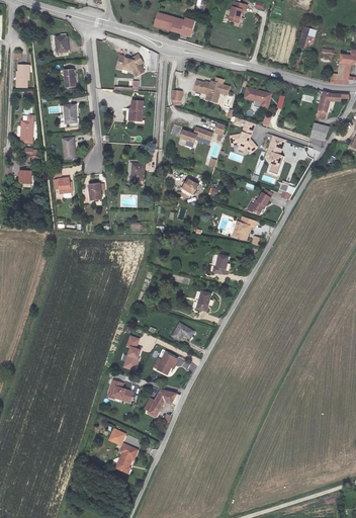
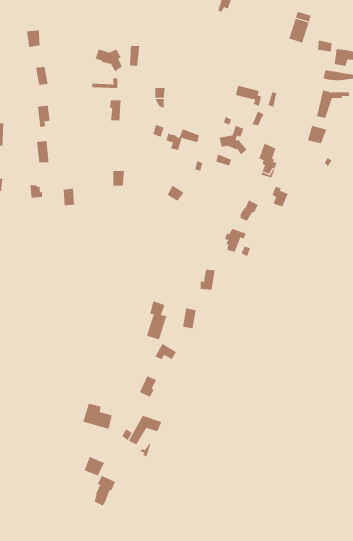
building: [154,13,194,35] -> none
building: [194,77,231,97] -> none
building: [122,333,142,369] -> [146,300,167,340]

